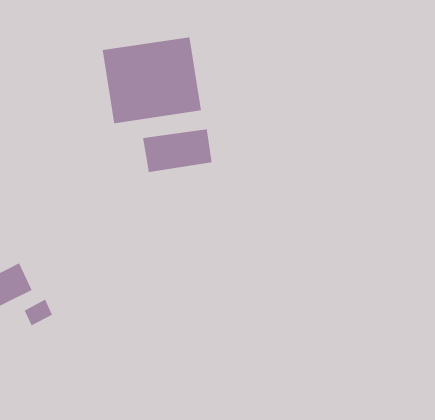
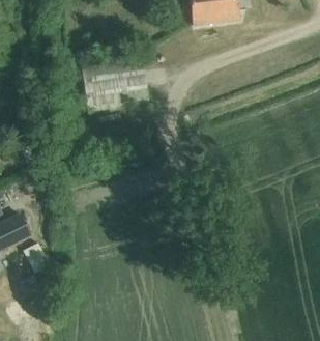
building: [143,129,212,173] -> none

